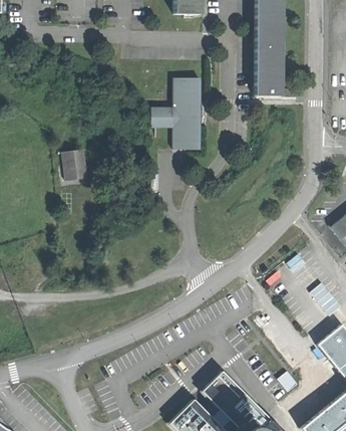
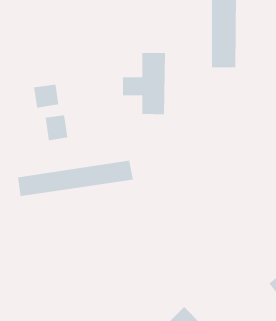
building: none -> [34,84,59,108]
building: none -> [17,160,133,197]

